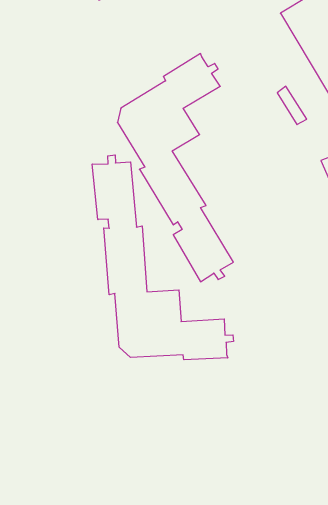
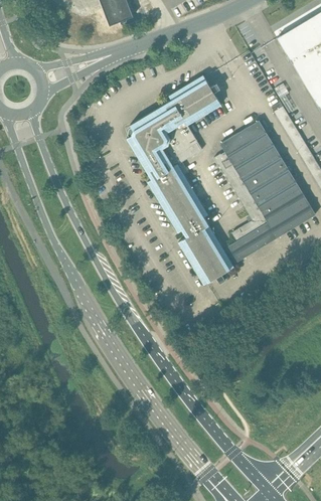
building: none -> [213,120,315,261]
building: [92,155,233,360] -> none

